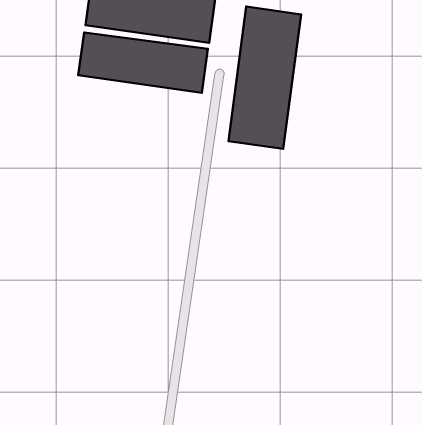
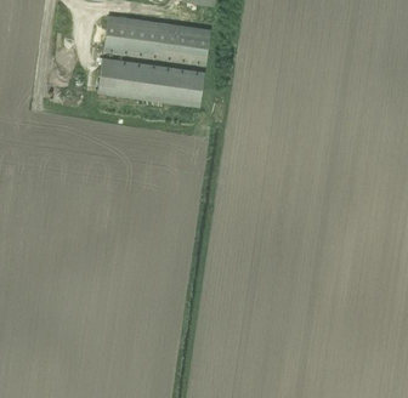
building: [228,7,301,149] -> none

